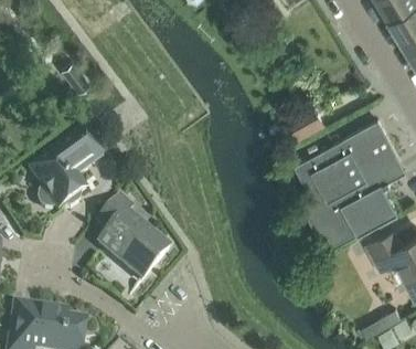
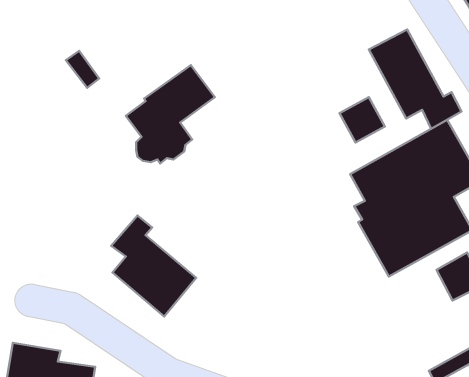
building: none -> [369,29,462,129]
building: [30,124,104,205] -> [126,65,215,164]

